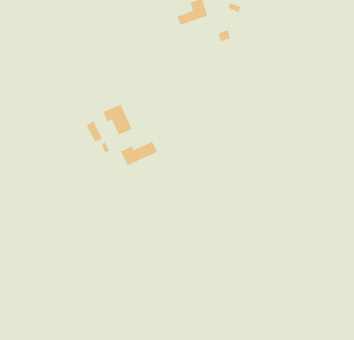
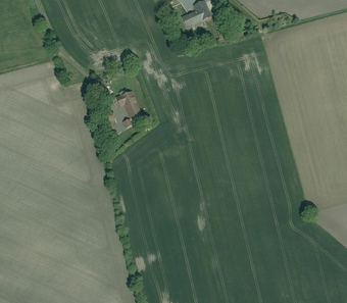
building: [120,141,158,166] -> none

